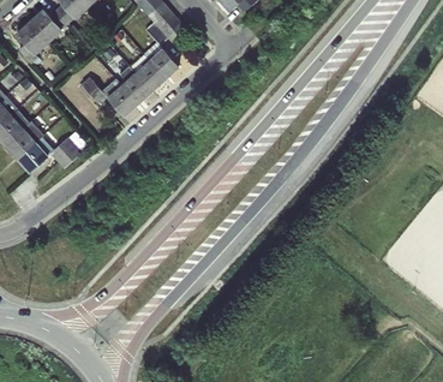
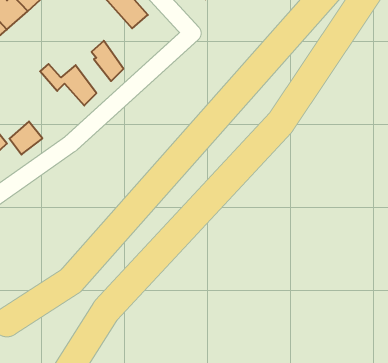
building: [144,23,180,82] -> none
building: [120,66,151,106] -> none

